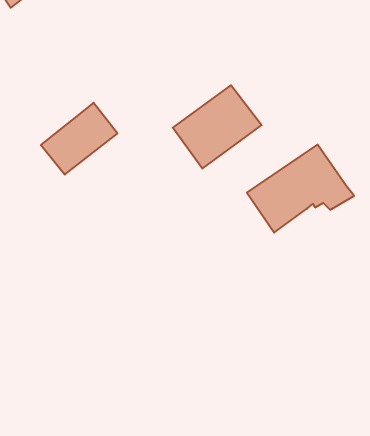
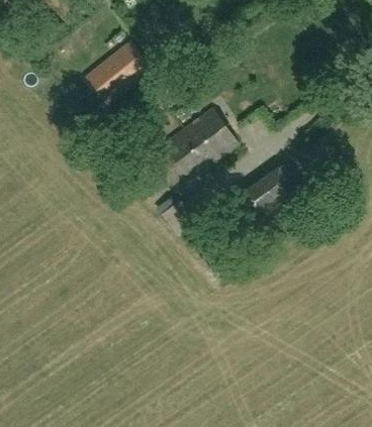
building: [41,103,117,175] -> [84,38,152,102]

